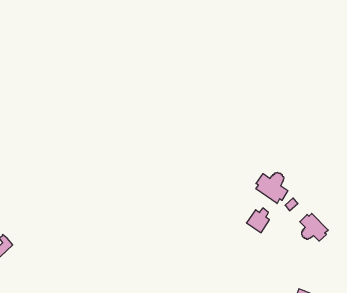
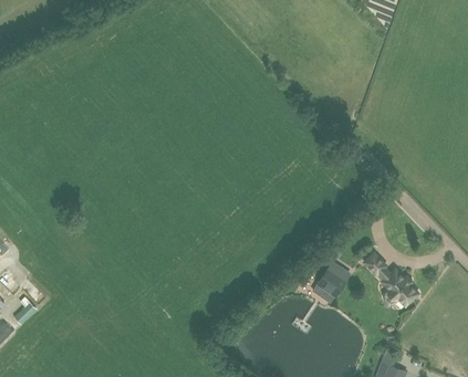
building: [256,172,288,204] -> none

